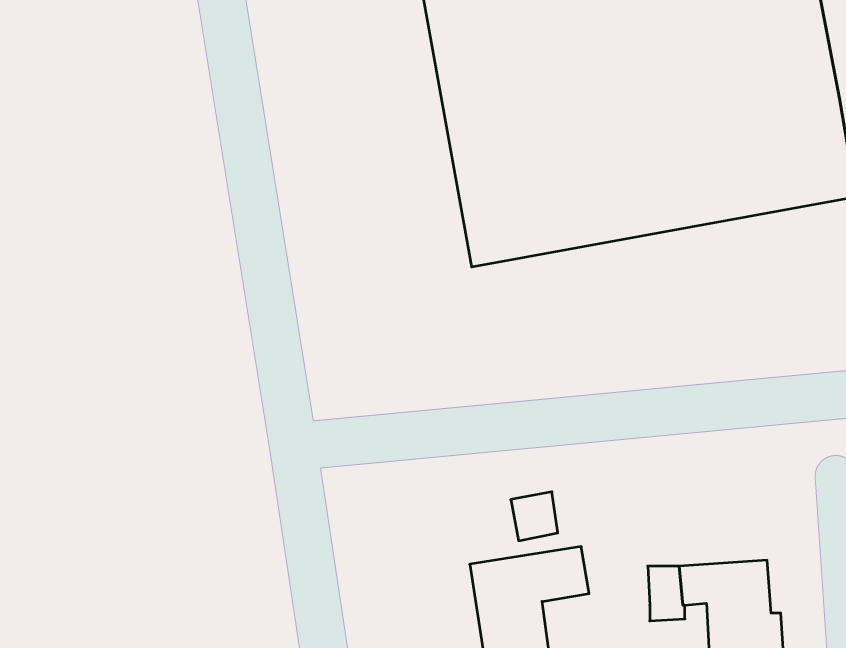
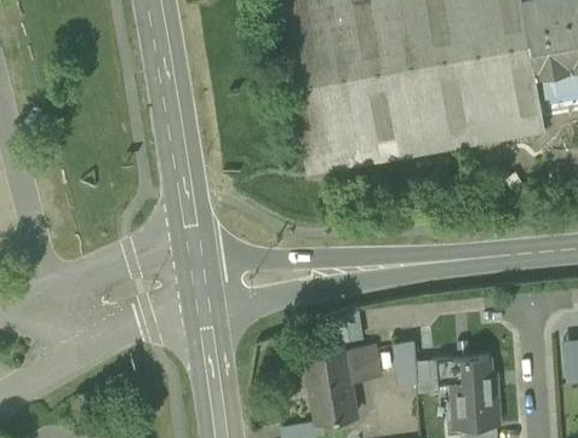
building: none -> [390,339,417,386]

